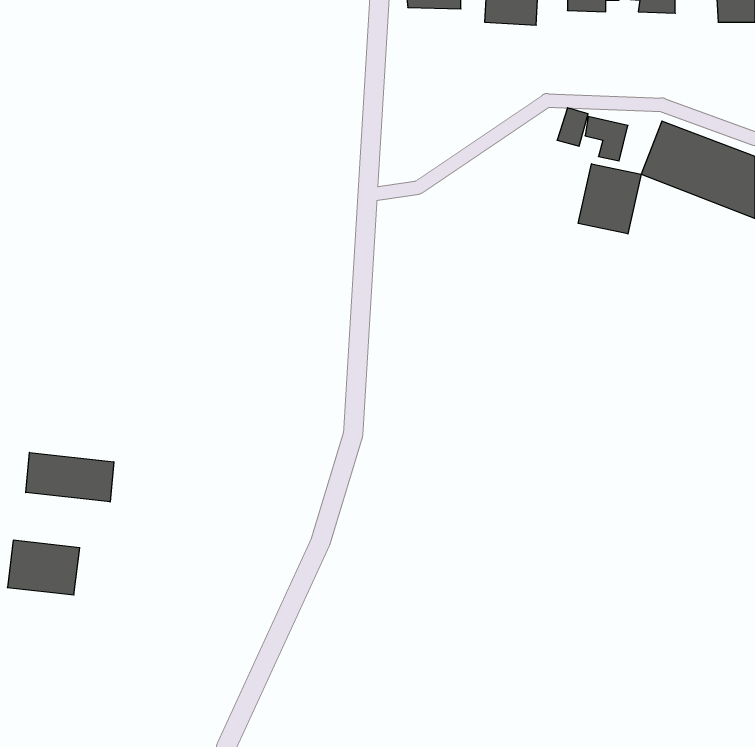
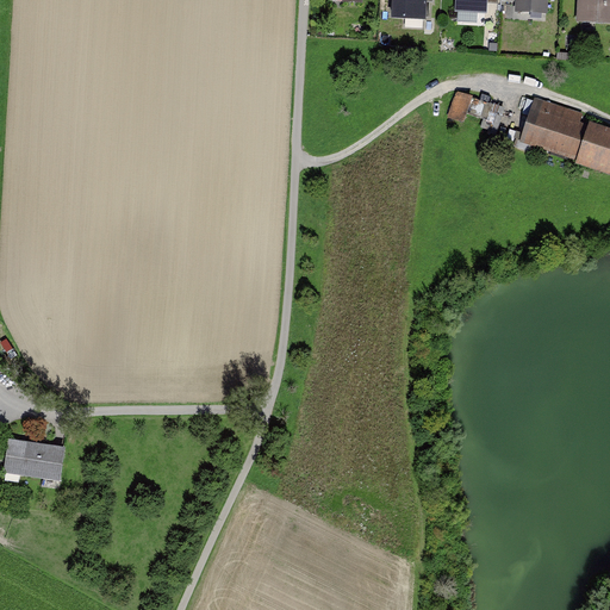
building: [578,164,641,234] -> none
building: [26,452,114,502] -> none

